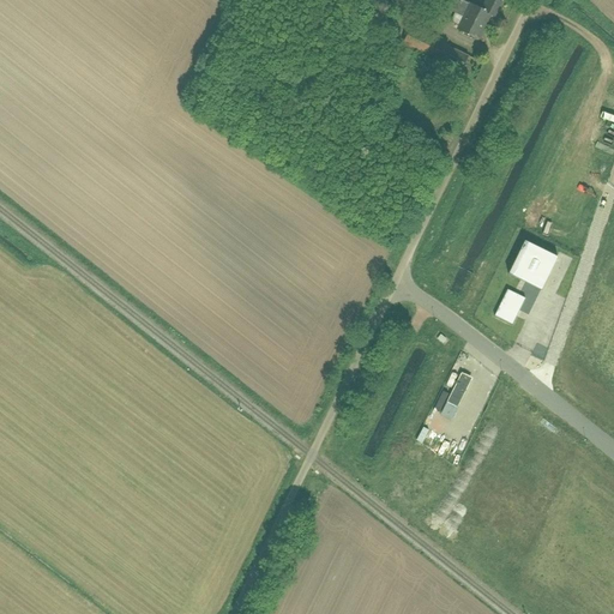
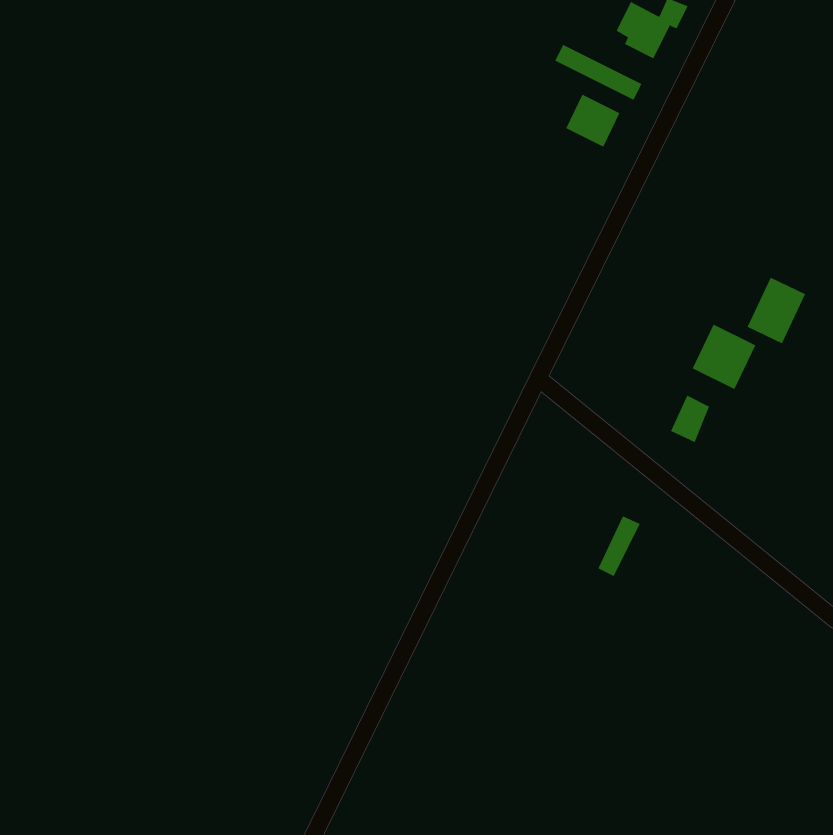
building: none -> [566,94,620,148]
building: none -> [747,277,806,344]

